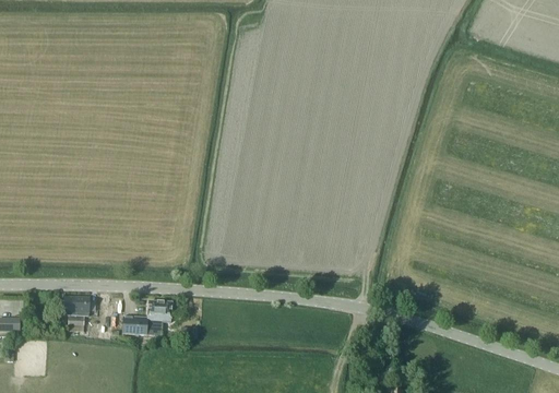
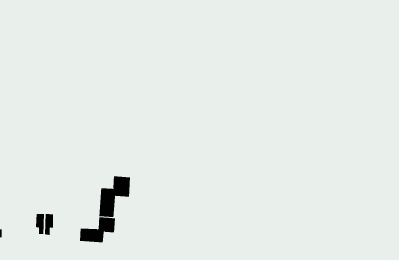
building: none -> [99,176,130,218]

